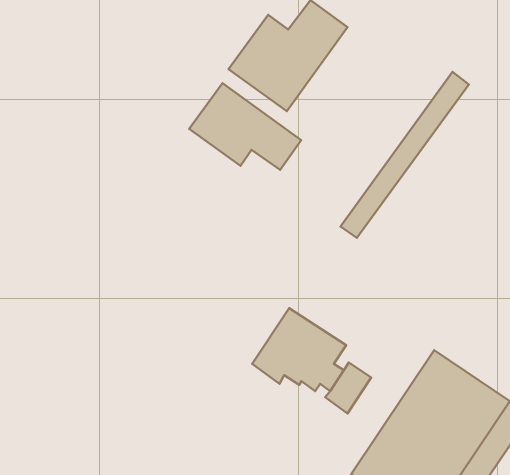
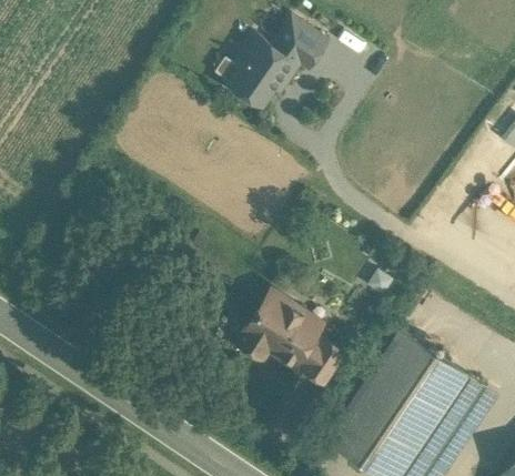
building: [340,72,469,238] -> none
building: [189,83,301,170] -> none

